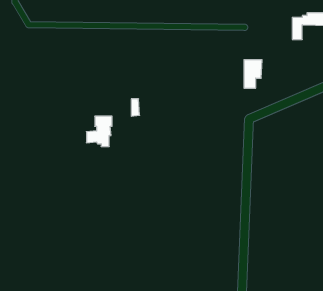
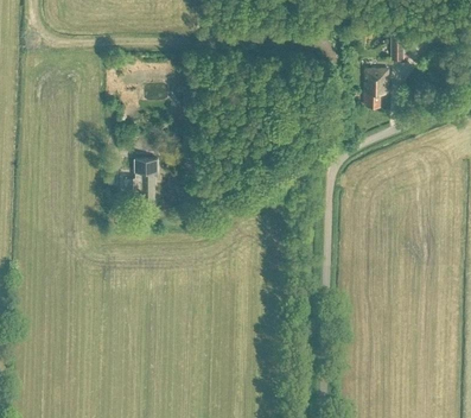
building: [244,60,262,88] -> [364,70,388,107]

